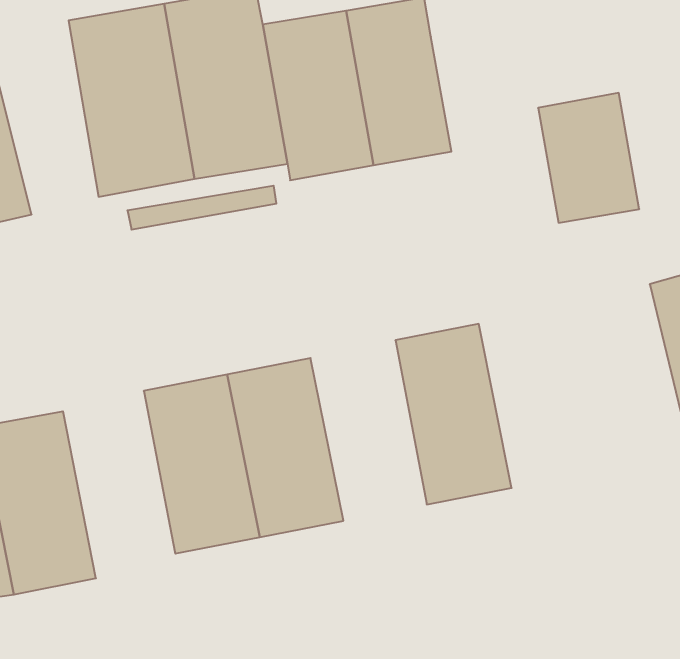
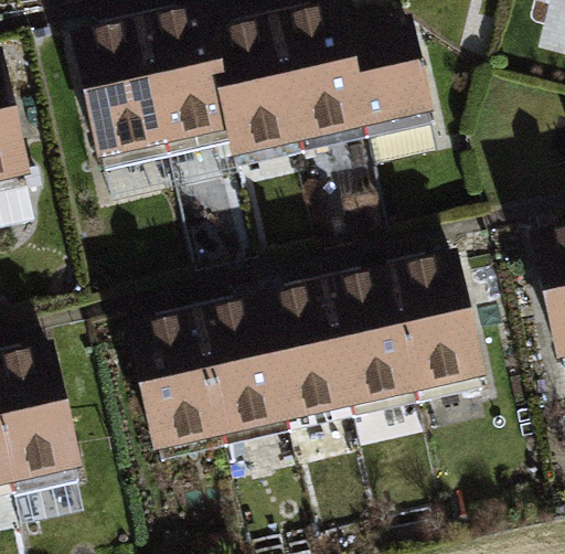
building: [538,93,639,223] -> [354,29,436,134]
building: none -> [393,259,487,405]
building: none -> [257,286,351,432]

